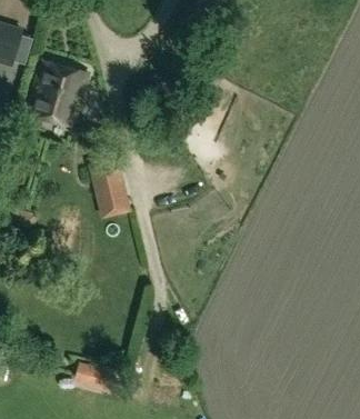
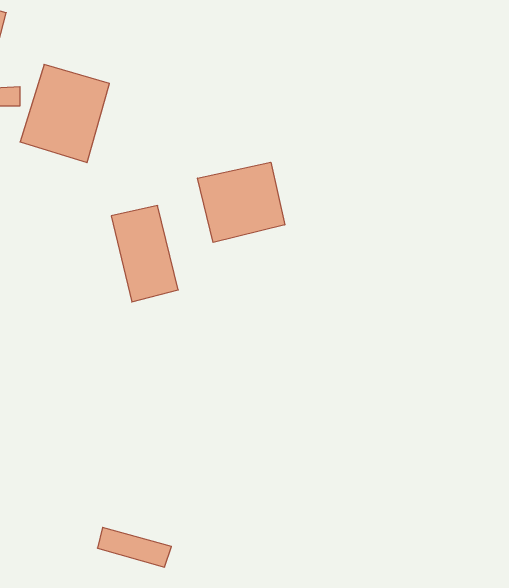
building: none -> [198,162,285,242]

